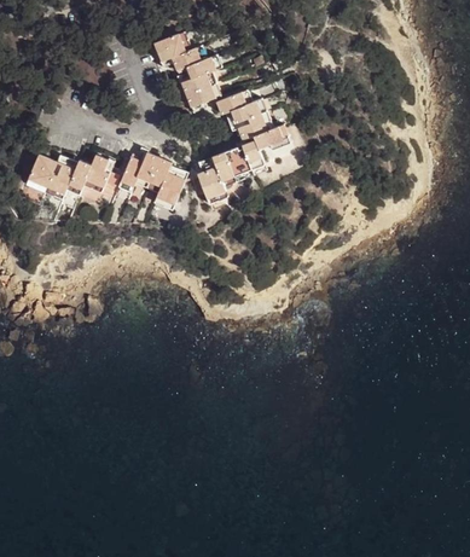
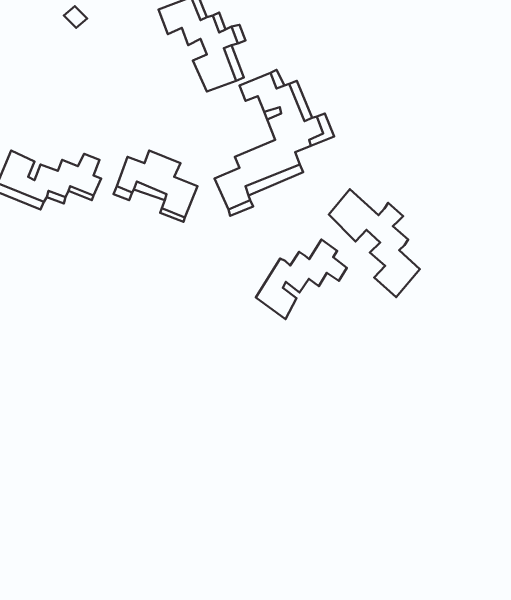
building: none -> [329,189,420,297]
building: none -> [256,240,347,319]

